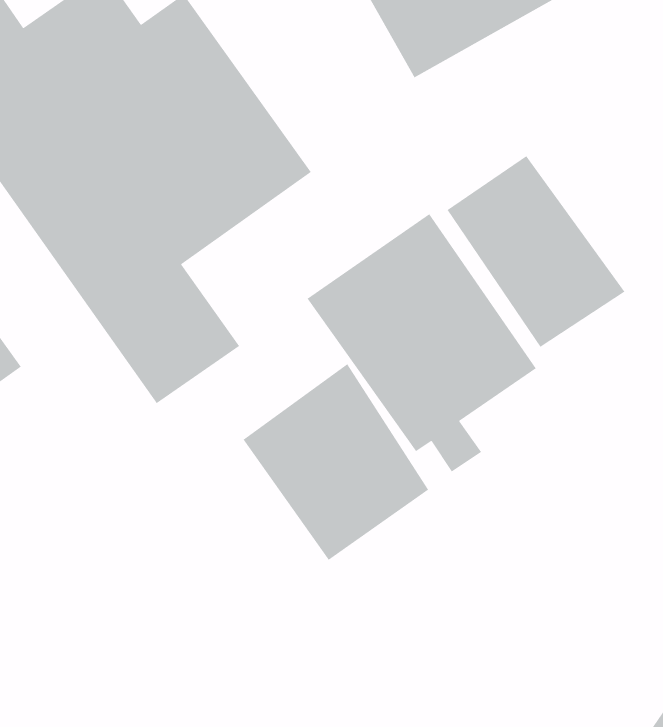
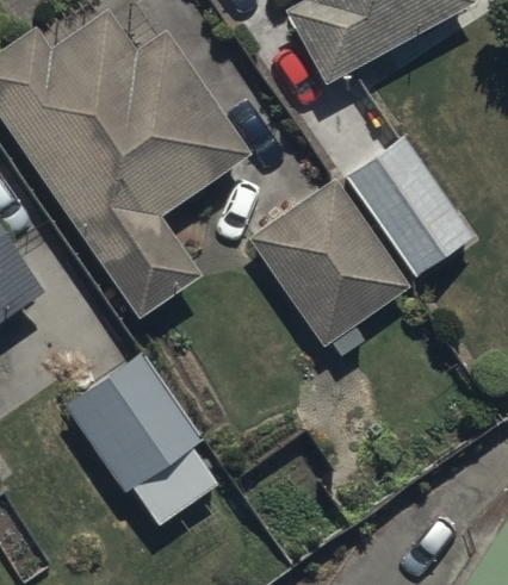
building: [242,363,429,561] -> none
building: none -> [64,349,219,530]

